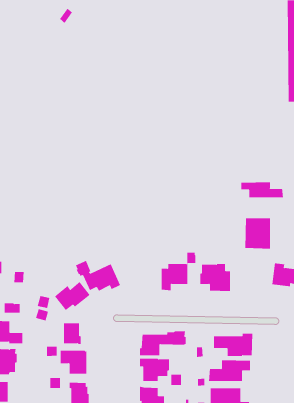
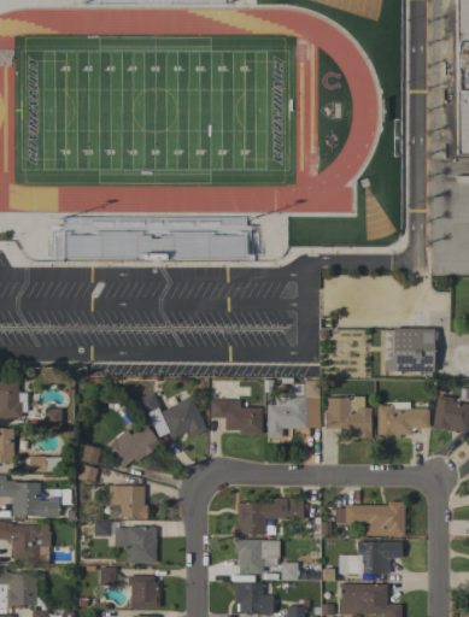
building: [241,181,283,198] -> none
building: none -> [210,400,262,434]
building: none -> [377,402,429,439]

